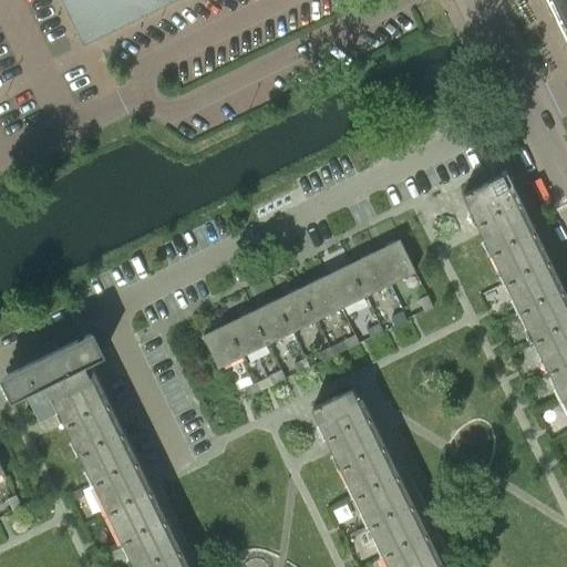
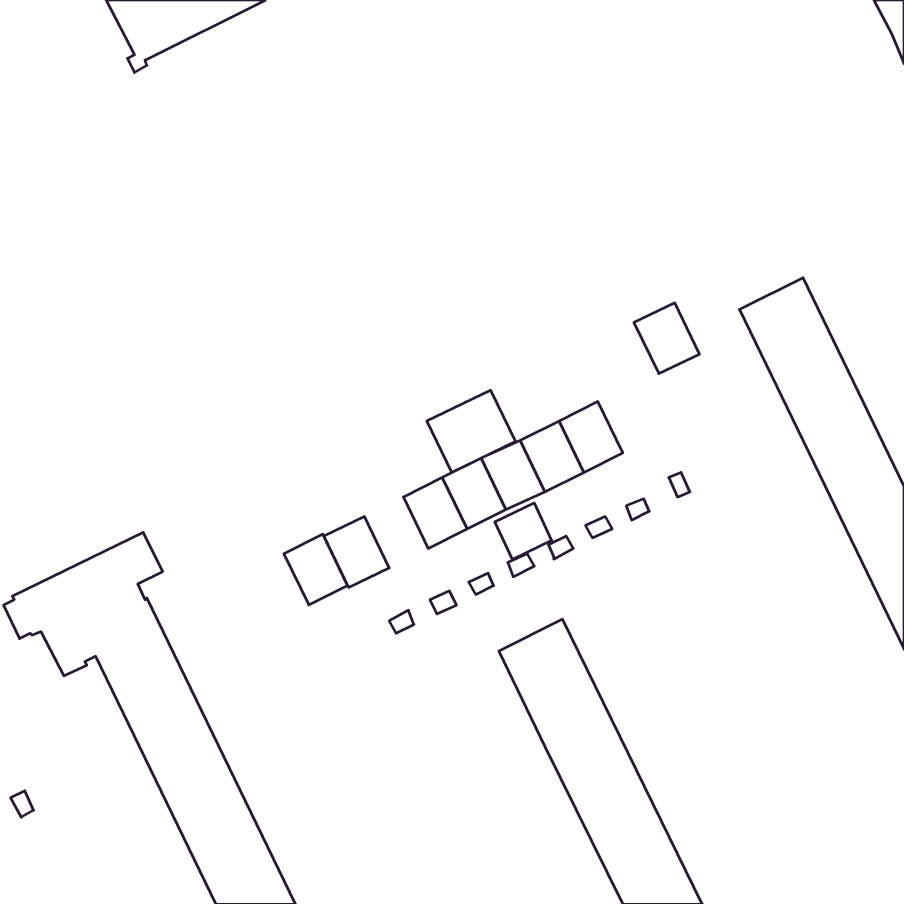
building: [374,239,415,284] -> [634,303,699,374]
building: none -> [427,390,516,472]
building: [228,311,268,355] -> [284,534,348,605]
building: none -> [495,503,552,559]

